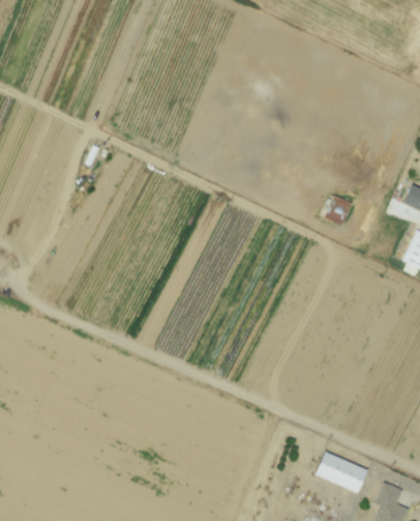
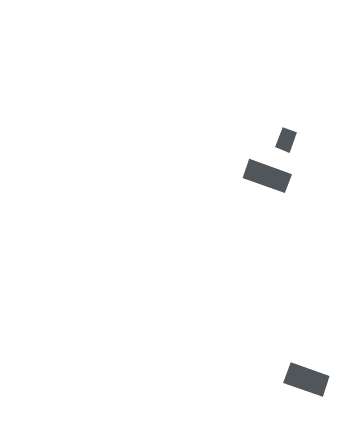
building: none -> [242,158,293,194]

